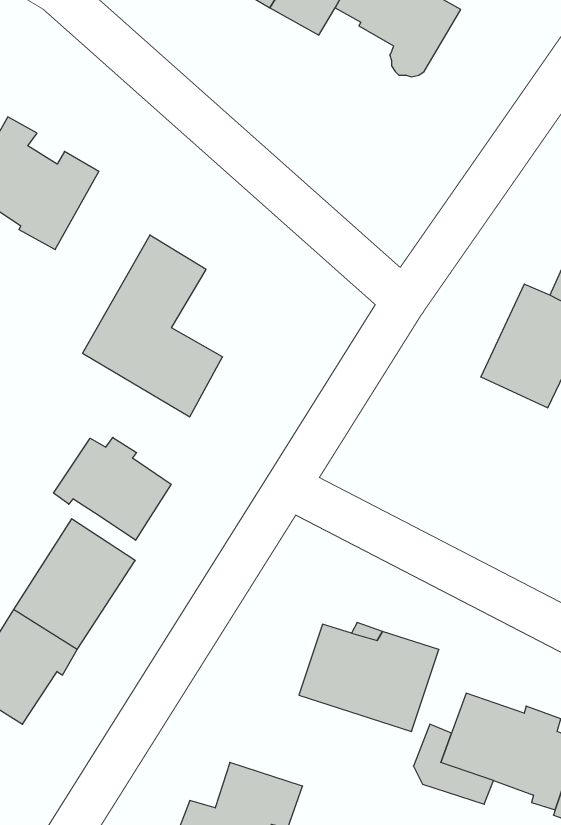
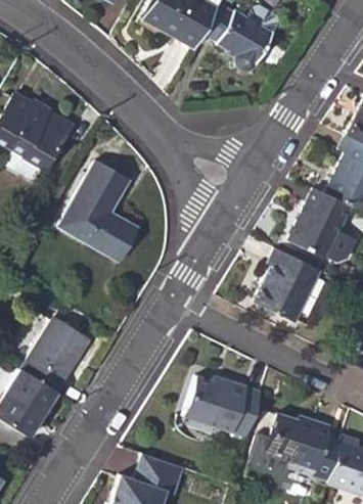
building: none -> [243,244,316,327]
building: [54,437,171,540] -> none

